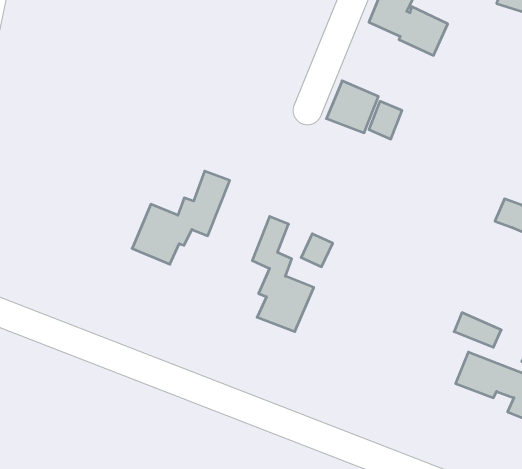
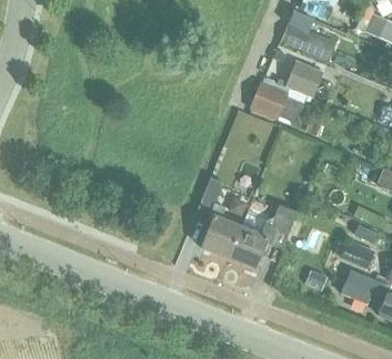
building: none -> [285,60,323,95]
building: [132,171,230,264] -> [228,203,296,268]

